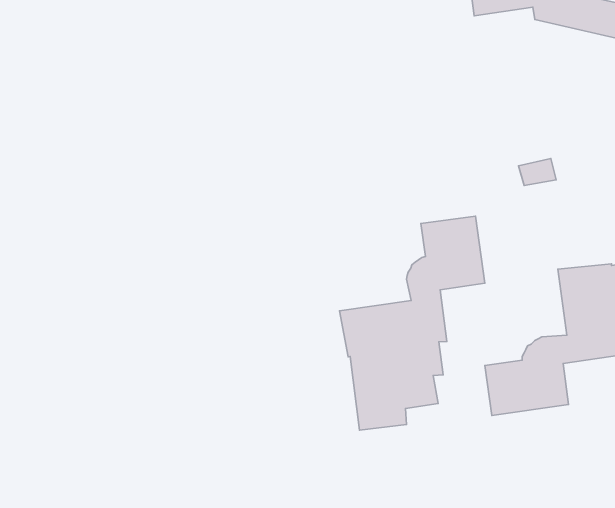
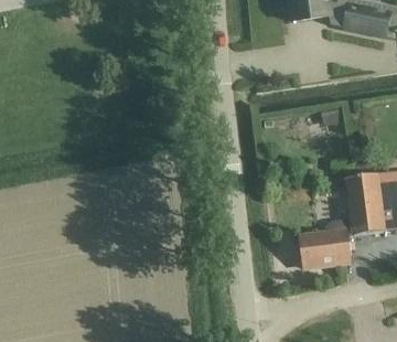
building: [339,216,485,430] -> none

